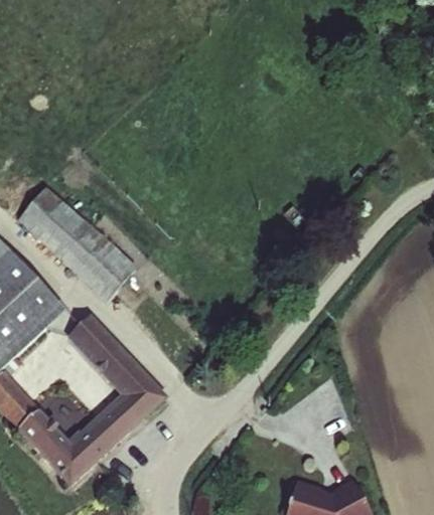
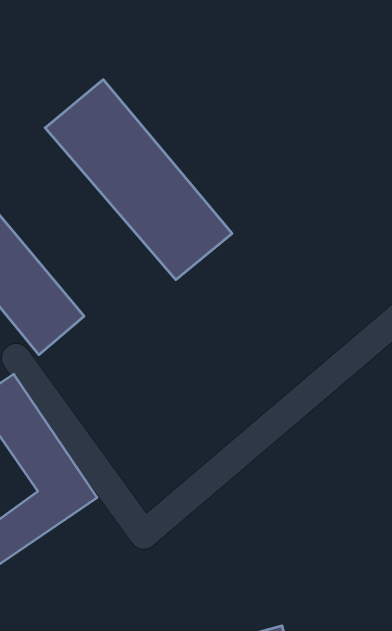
building: none -> [45,80,232,280]

